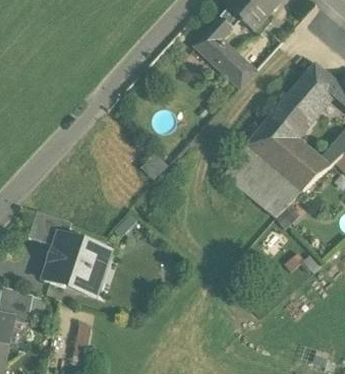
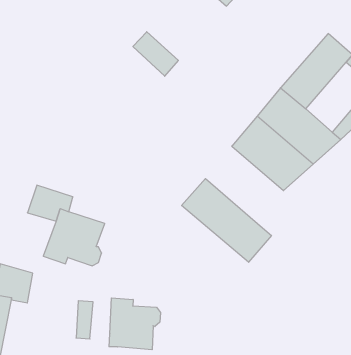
building: [210,43,253,85] -> [133,32,178,76]
building: none -> [182,179,271,262]
building: none -> [109,298,161,350]

